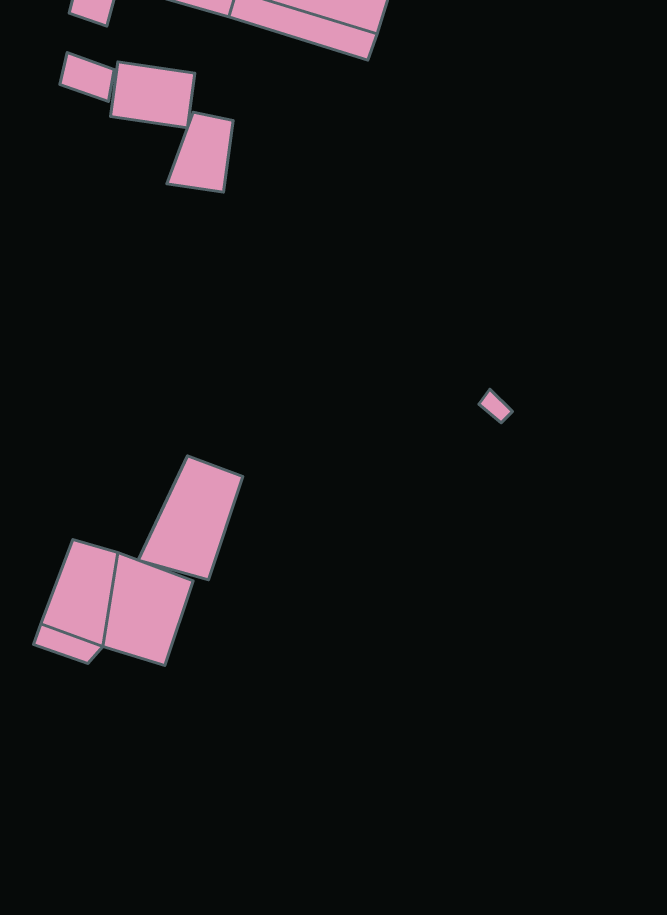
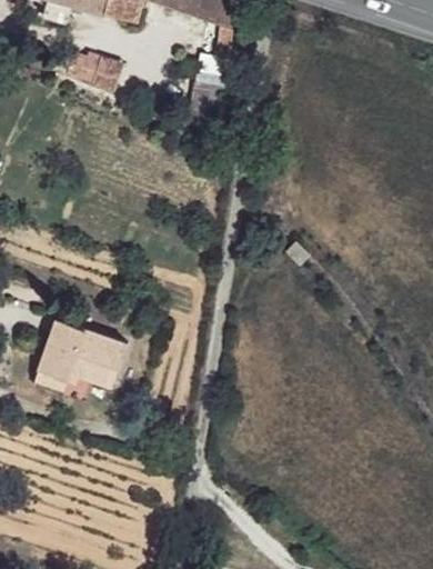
building: [167,112,233,192] -> none
building: [138,456,243,580] -> none

